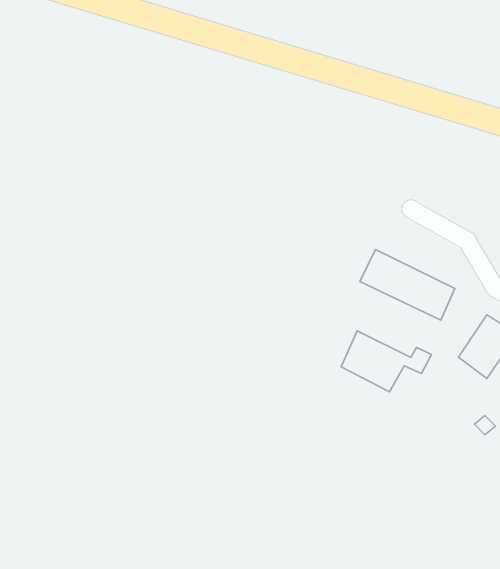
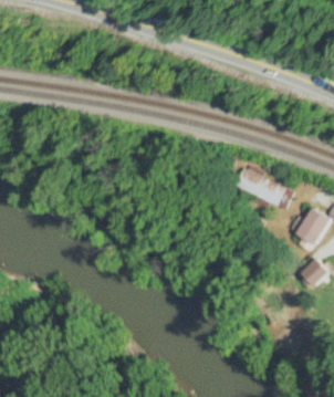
building: [341,331,431,392] -> none

